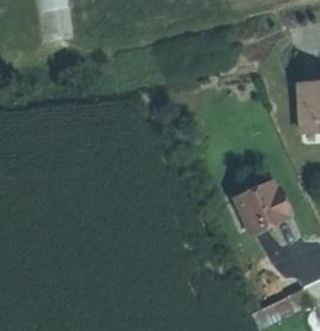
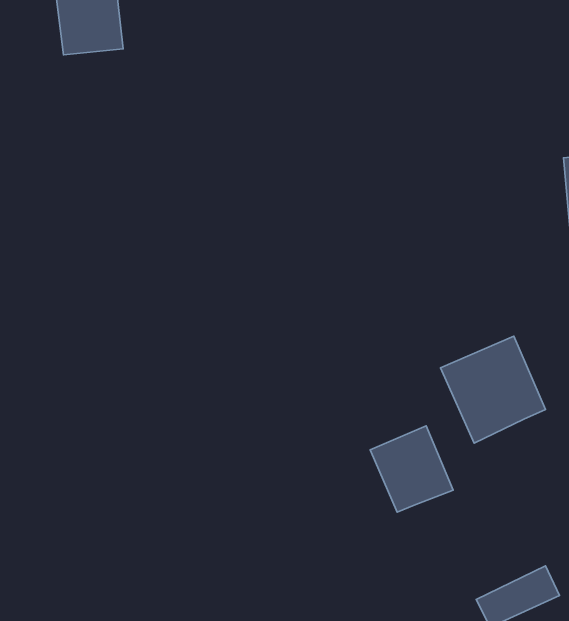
building: none -> [370,426,453,512]

